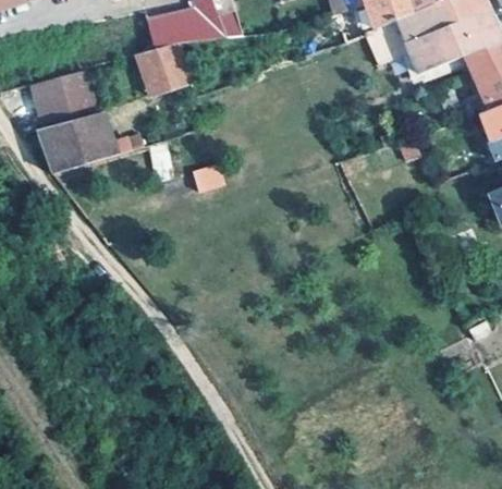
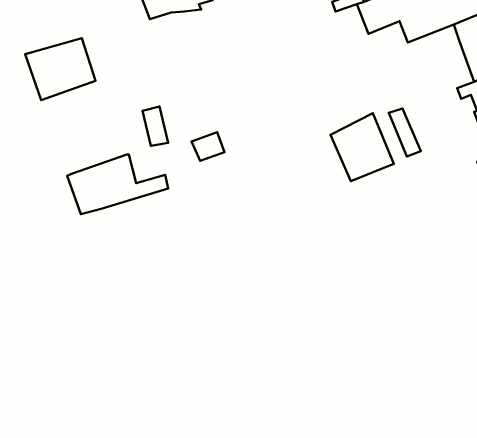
building: [137,42,191,94] -> none
building: [39,112,143,173] -> [67,154,168,214]
building: none -> [331,113,394,181]

